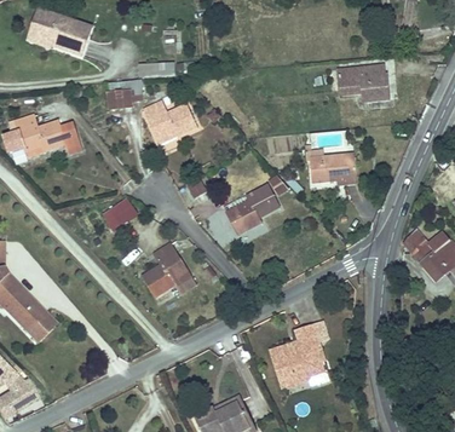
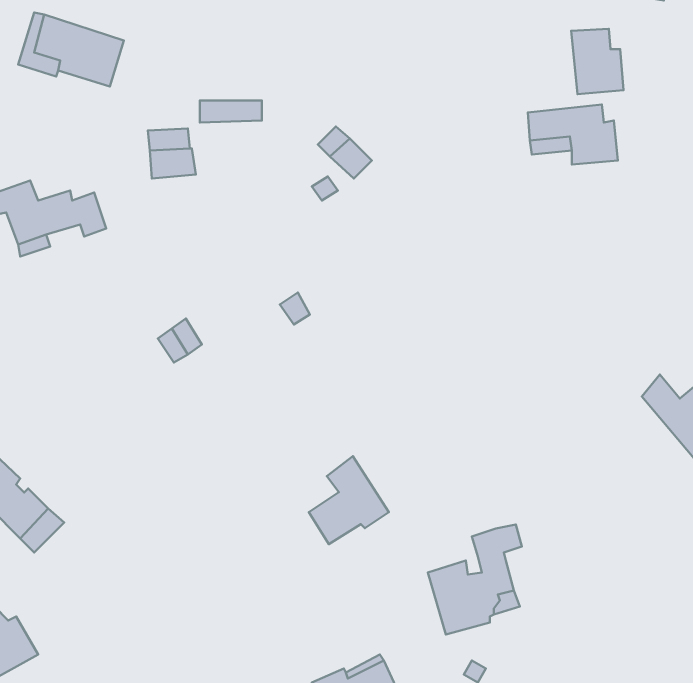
building: none -> [571,29,623,94]
building: [143,100,194,133] -> none
building: [311,152,358,182] -> none
building: [226,183,278,227] -> none
building: [143,240,191,293] -> [309,456,389,544]

